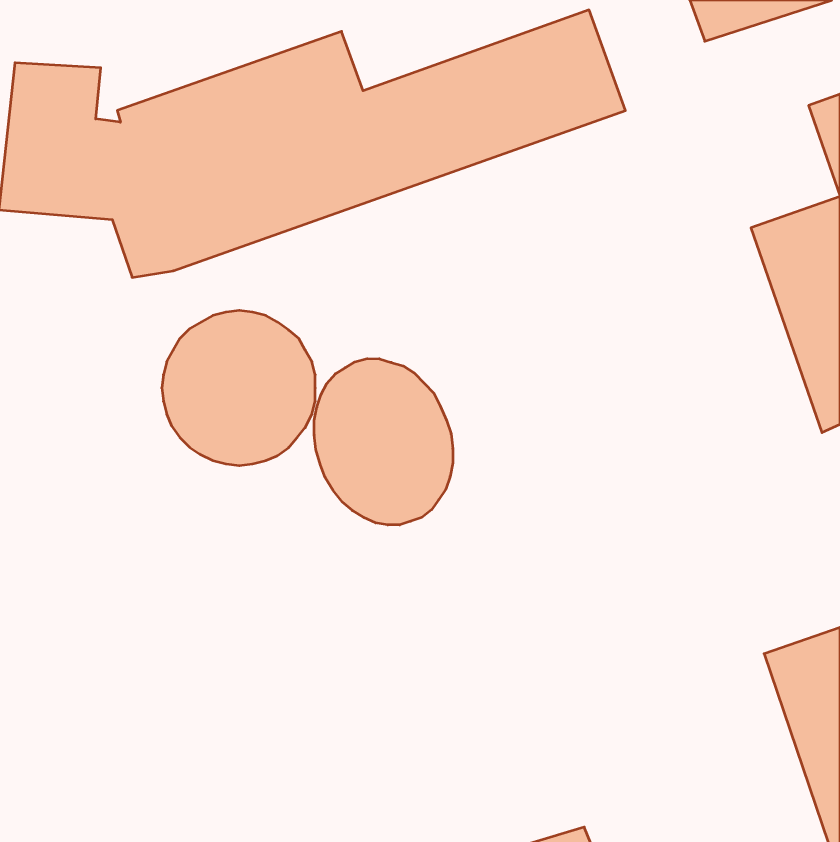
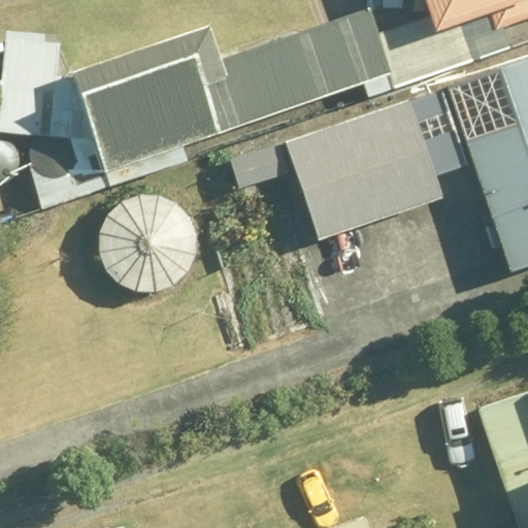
building: none -> [288,103,444,239]
building: [314,359,453,525] -> none

